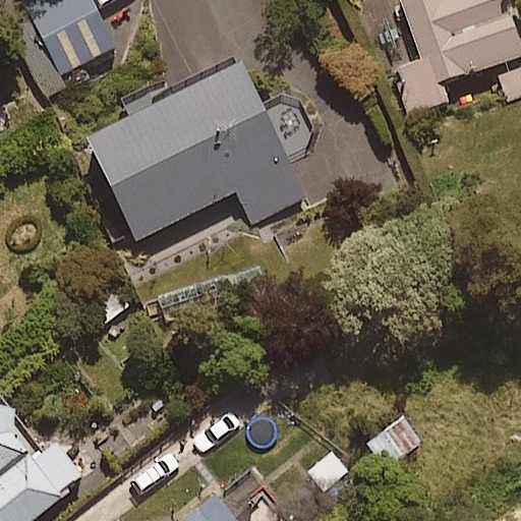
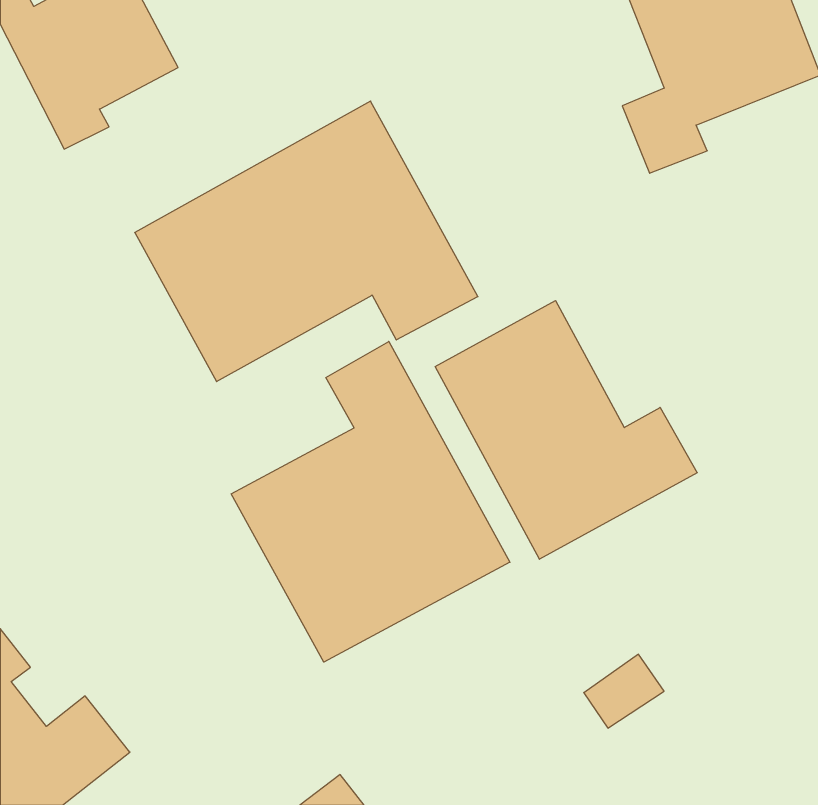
building: none -> [435,301,697,559]
building: none -> [231,341,510,662]

